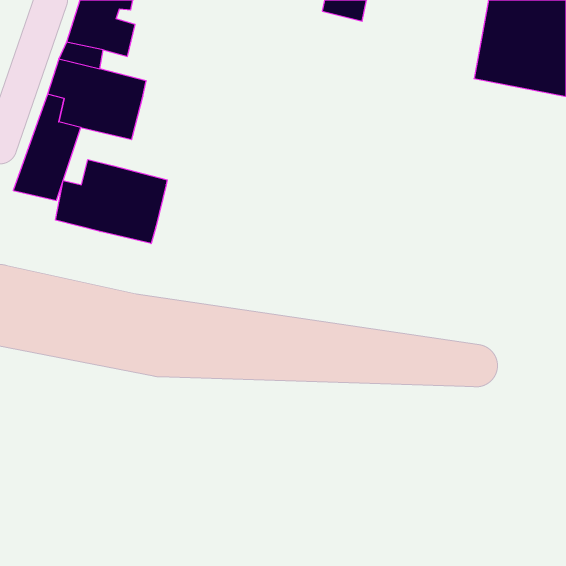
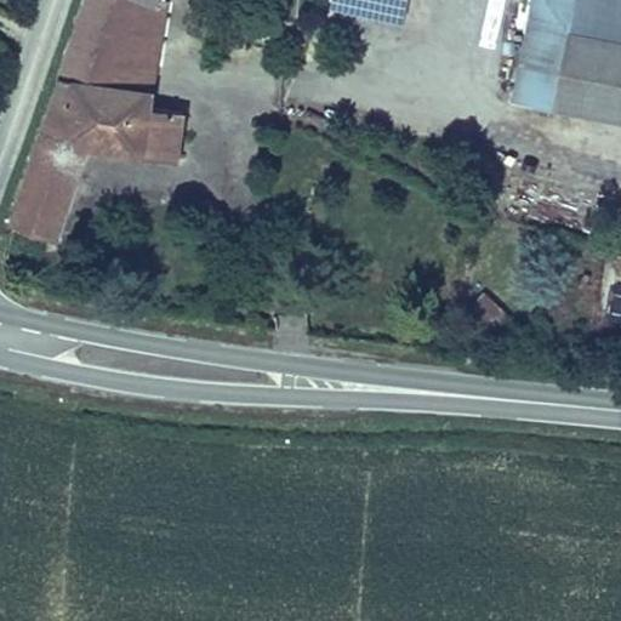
building: none -> [146,106,188,156]
building: [56,160,167,244] -> none

